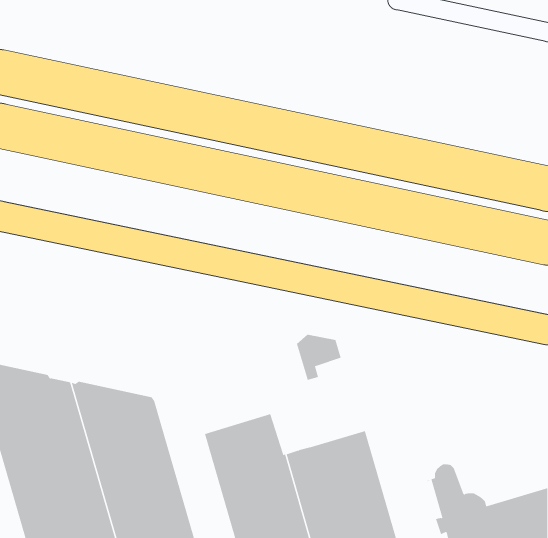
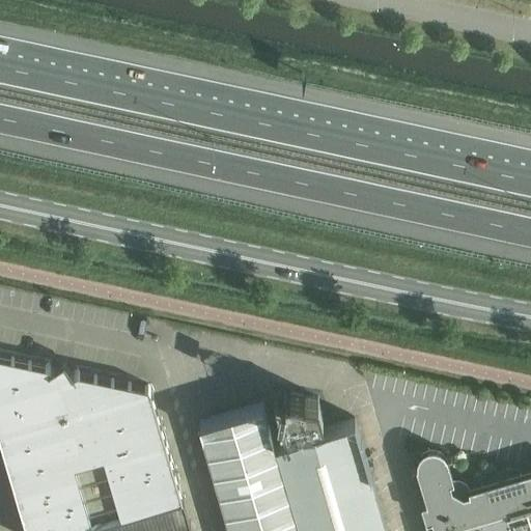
building: [296,334,341,380] -> [278,400,322,445]

